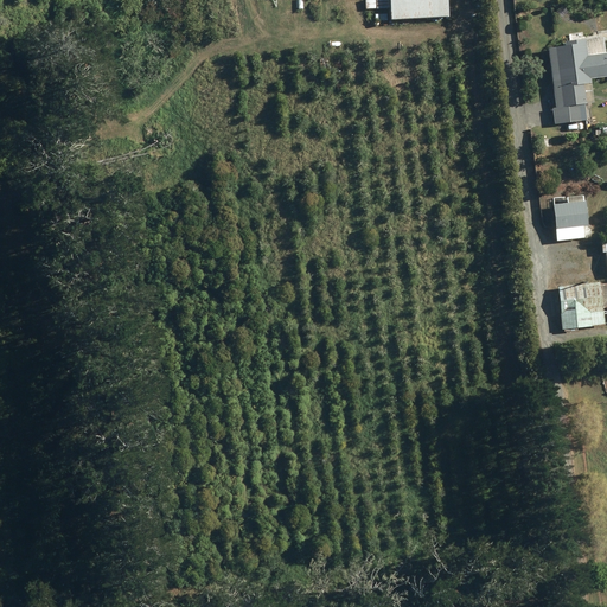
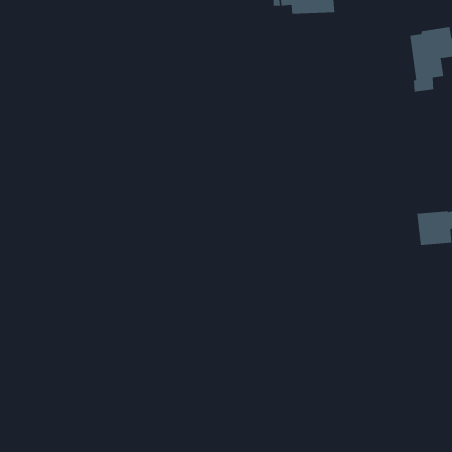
building: [552,193,593,241] -> none

